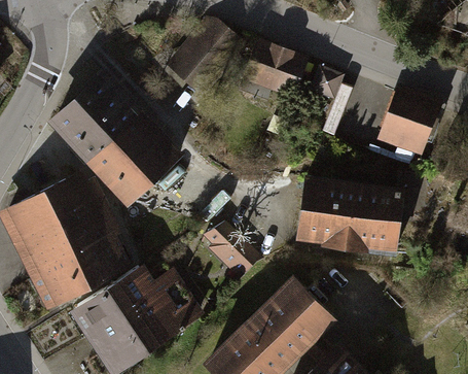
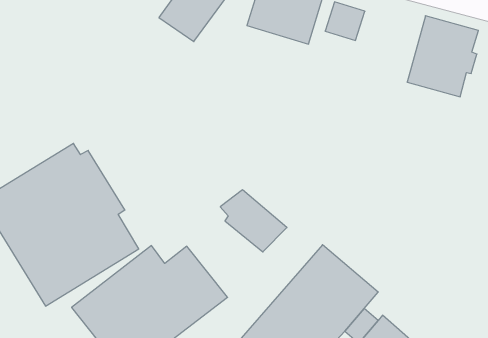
building: [46,69,184,208] -> none
building: [295,174,405,258] -> none

